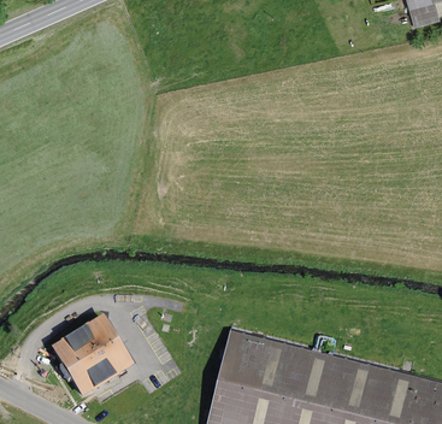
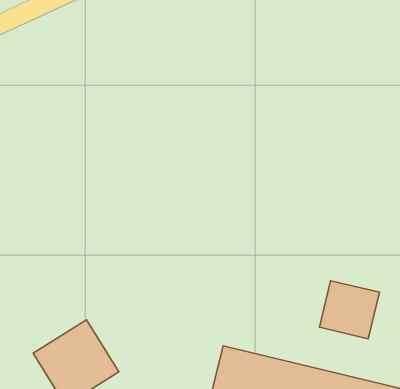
building: none -> [319,281,379,339]

